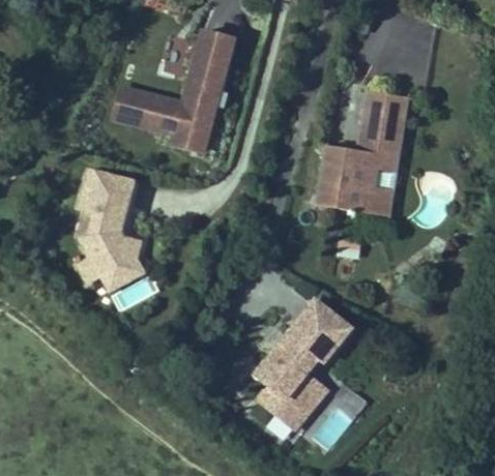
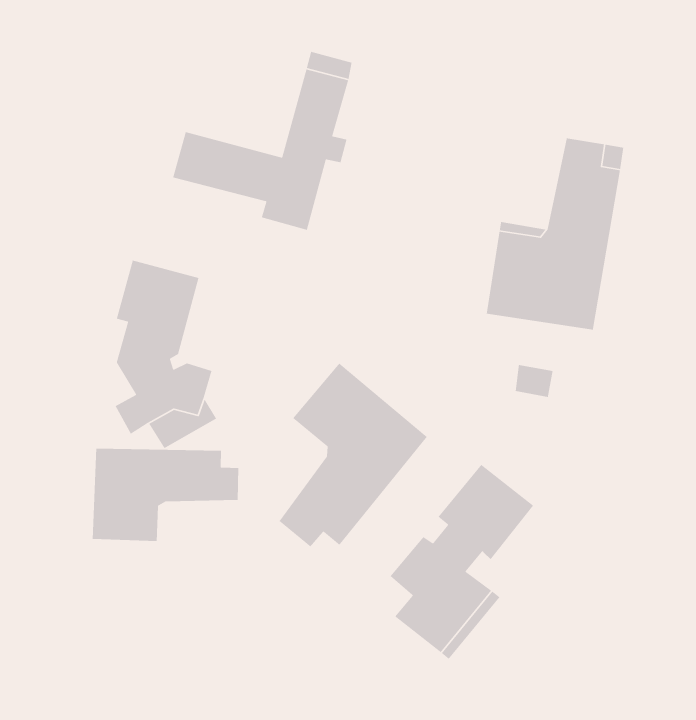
building: none -> [278,362,428,547]
building: none -> [92,448,239,542]

